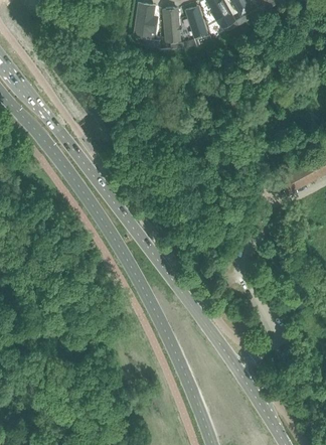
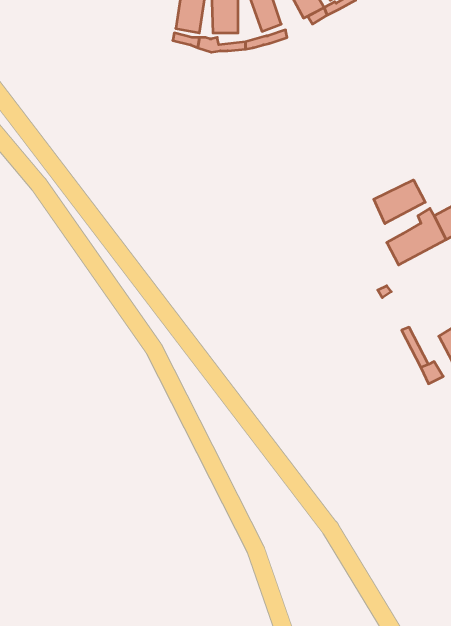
building: none -> [374,180,425,224]

